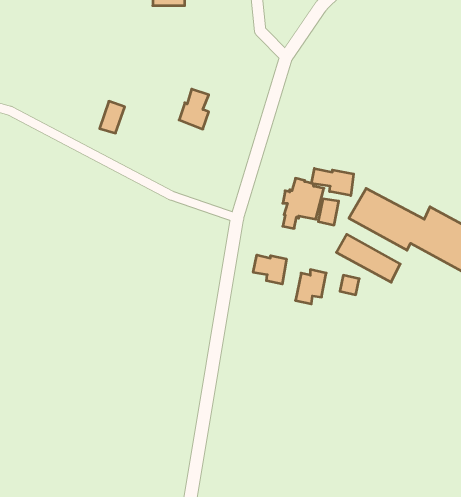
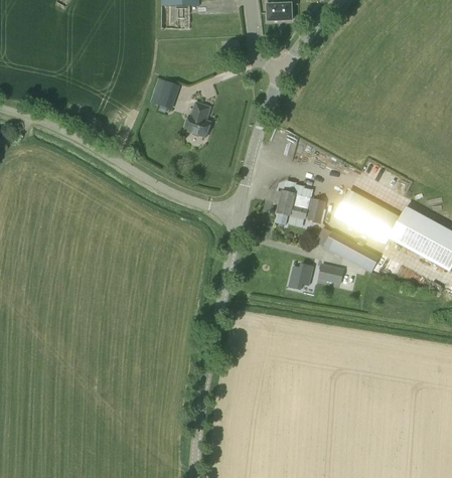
building: [100,101,125,133] -> [154,79,176,108]
building: [311,168,354,196] -> none
building: [253,255,286,284] -> none

